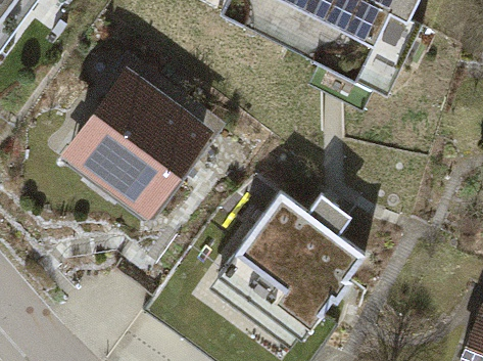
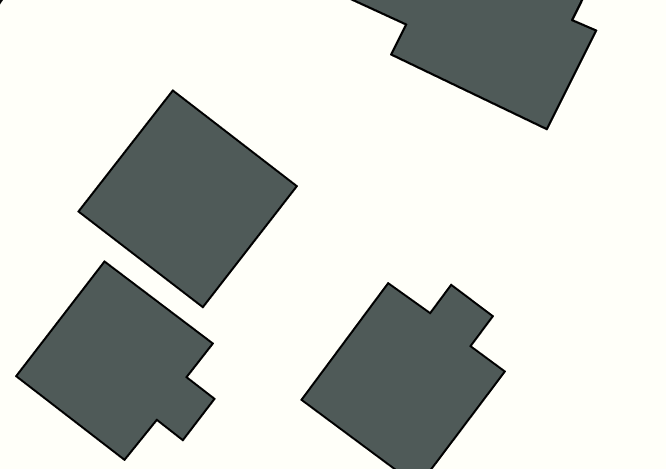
building: none -> [16,261,215,460]

